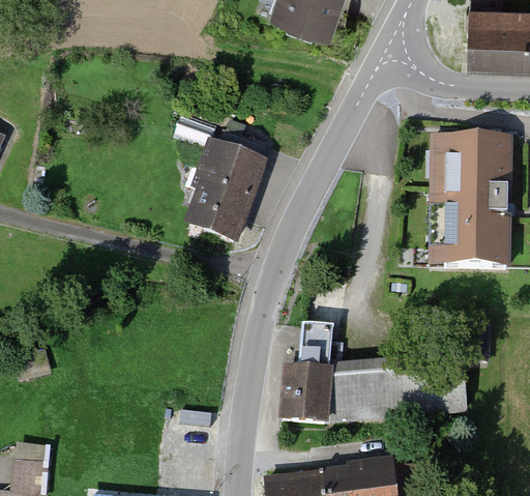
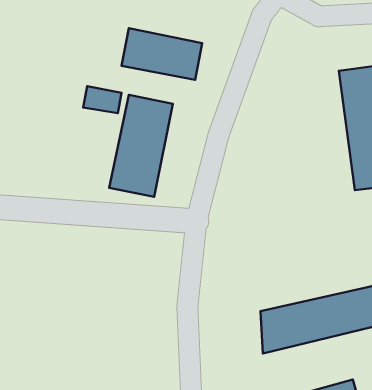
building: none -> [121,28,202,80]
building: [283,325,331,420] -> none

